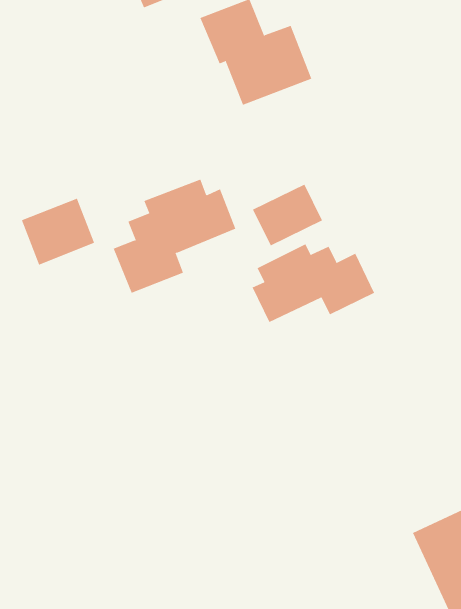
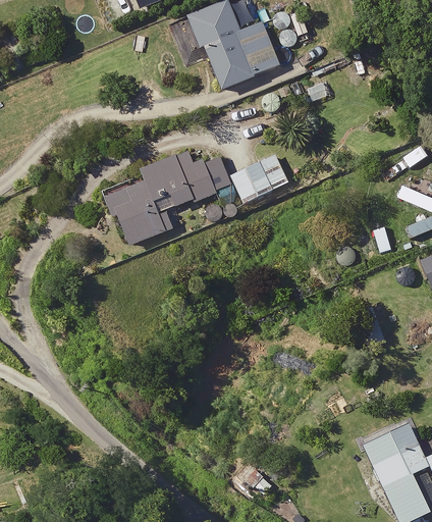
building: [21,198,95,265] -> none
building: [252,243,375,323] -> none

